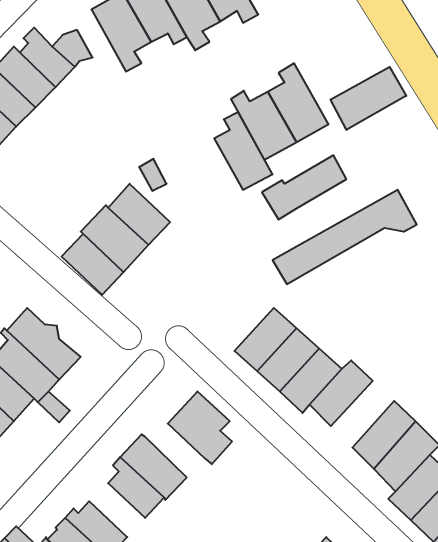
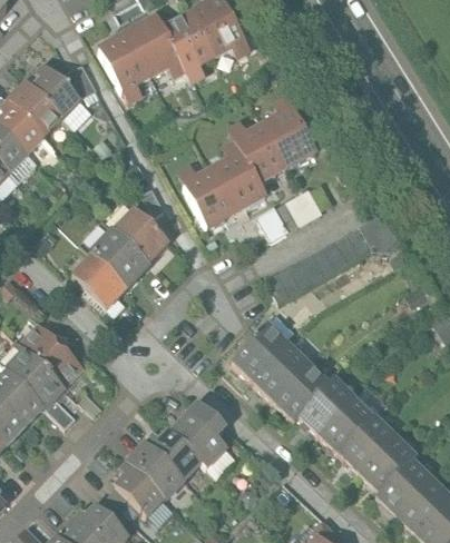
building: [330,67,406,130] -> none
building: none -> [176,165,238,230]
building: none -> [321,391,380,453]
building: none -> [147,426,203,481]

